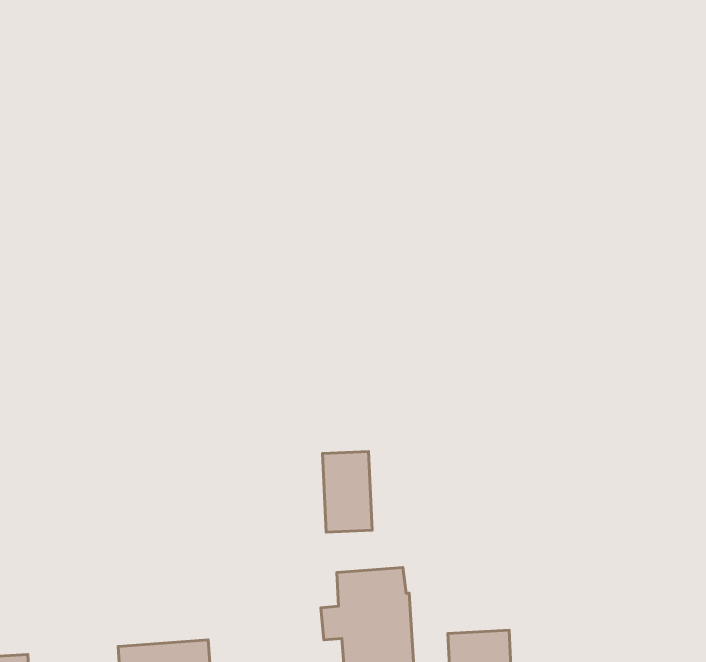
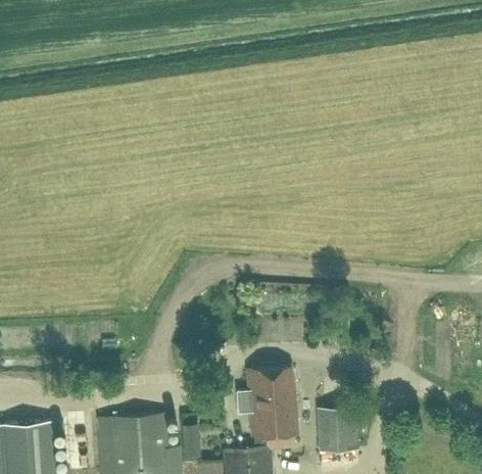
building: [323,451,372,532] -> none

